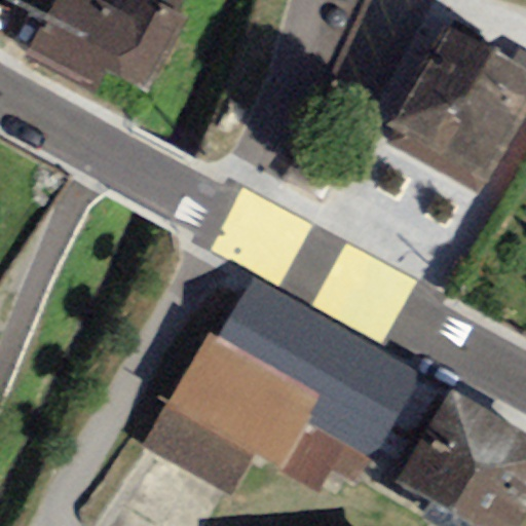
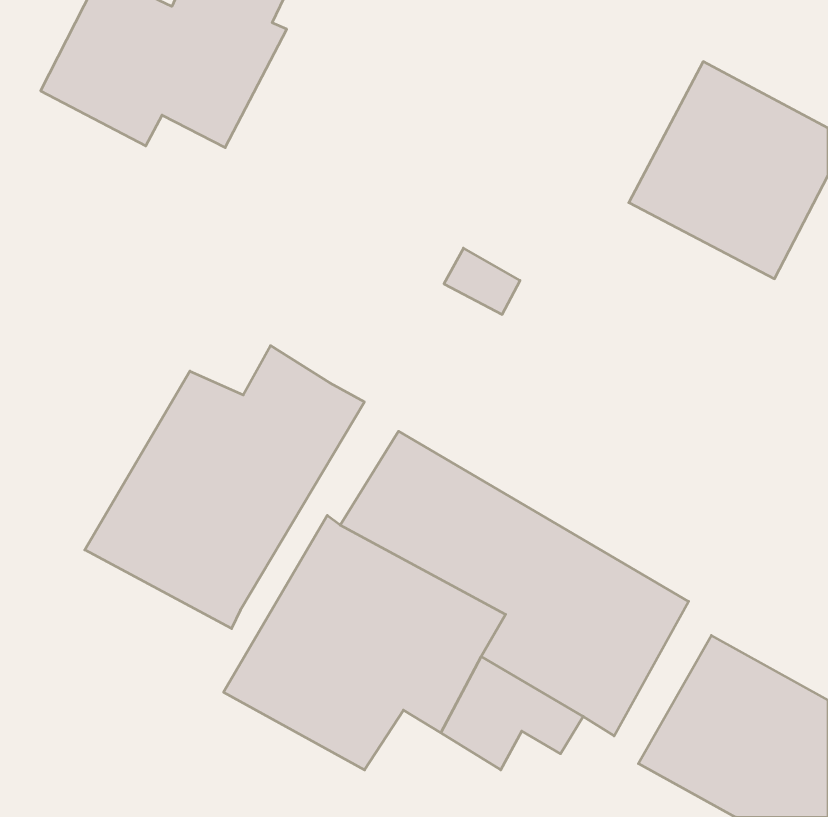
building: none -> [85,346,364,629]

